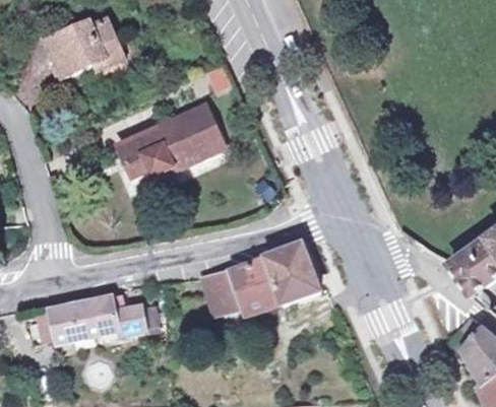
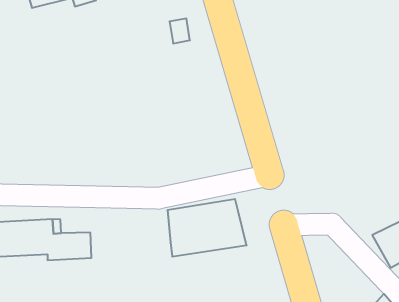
building: [116,106,223,176] -> none
building: [204,267,242,309] -> none

